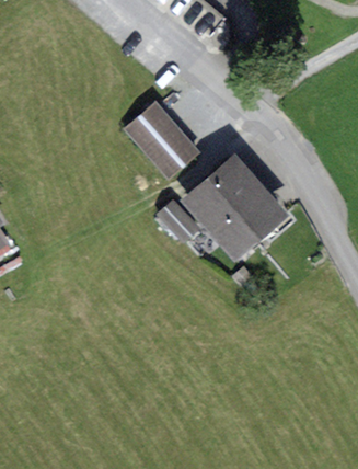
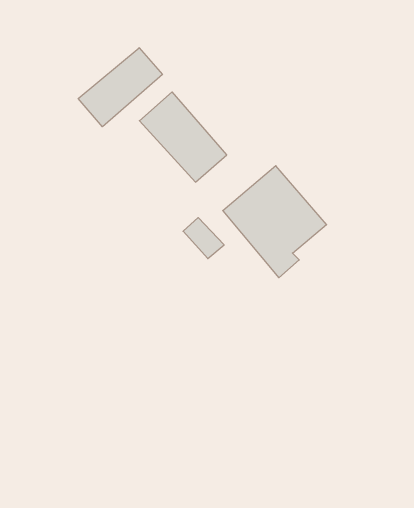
building: none -> [78,48,162,127]

